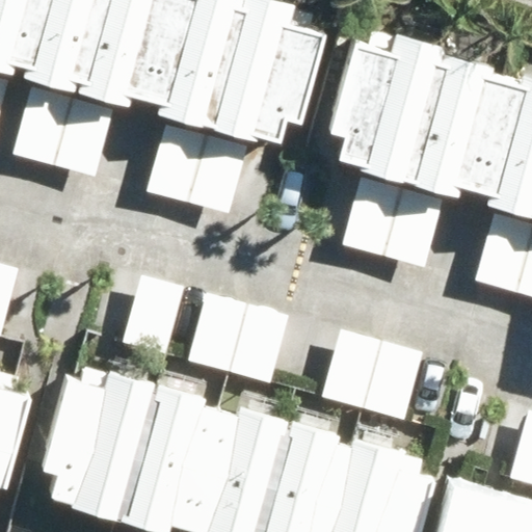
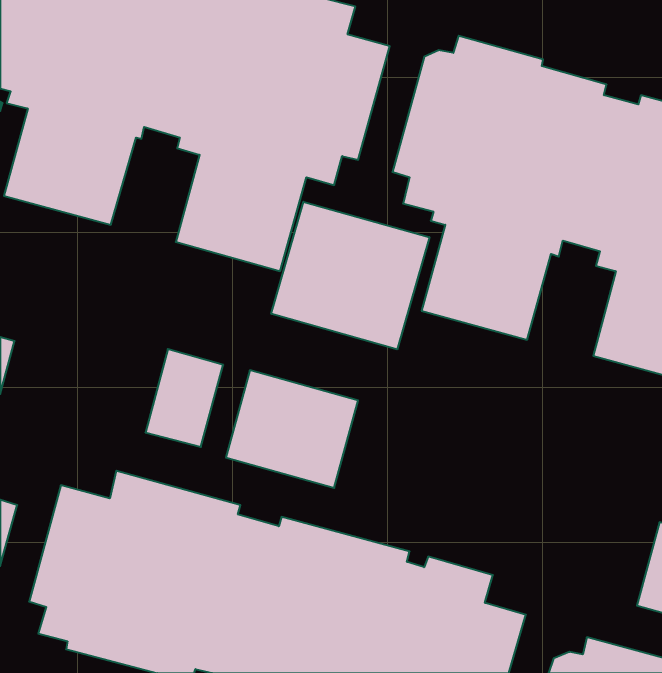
building: none -> [271,202,429,349]
building: [323,328,425,420] -> none

